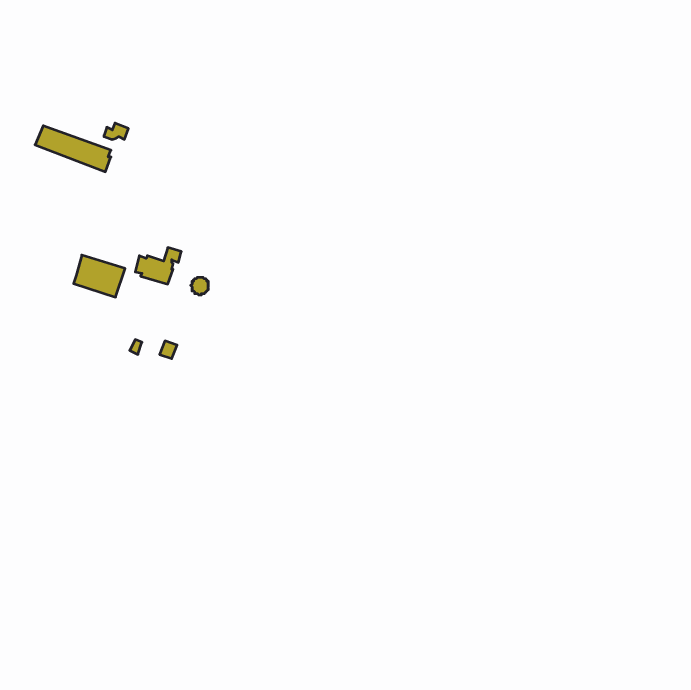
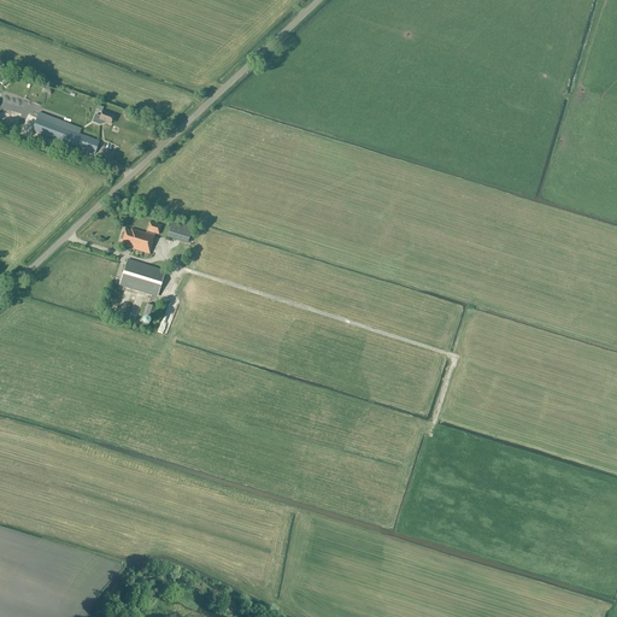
building: [74,255,125,297] -> [119,259,165,296]

